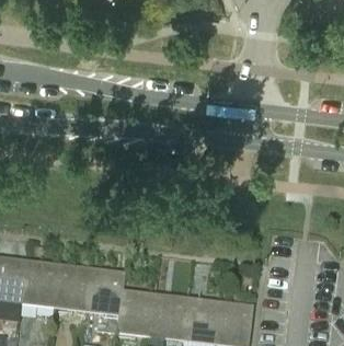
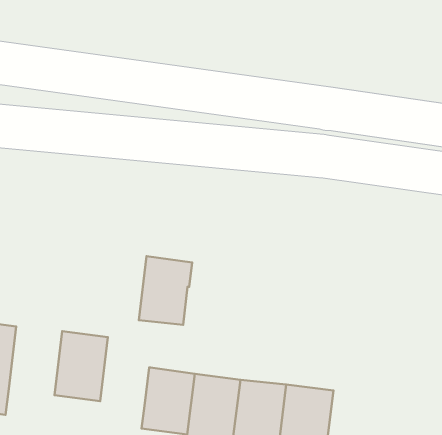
building: [21,258,59,308] -> none
building: [87,266,125,315] -> [139,256,192,325]

